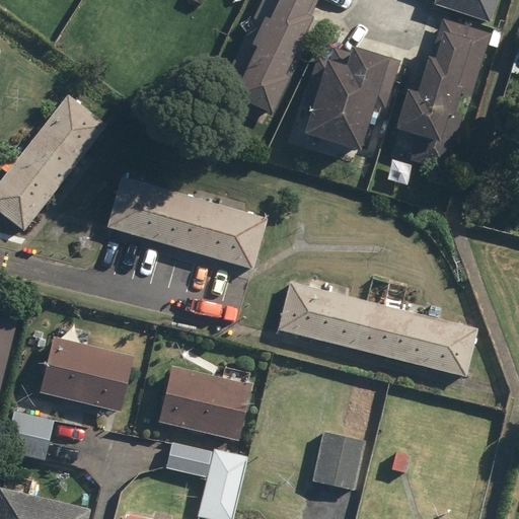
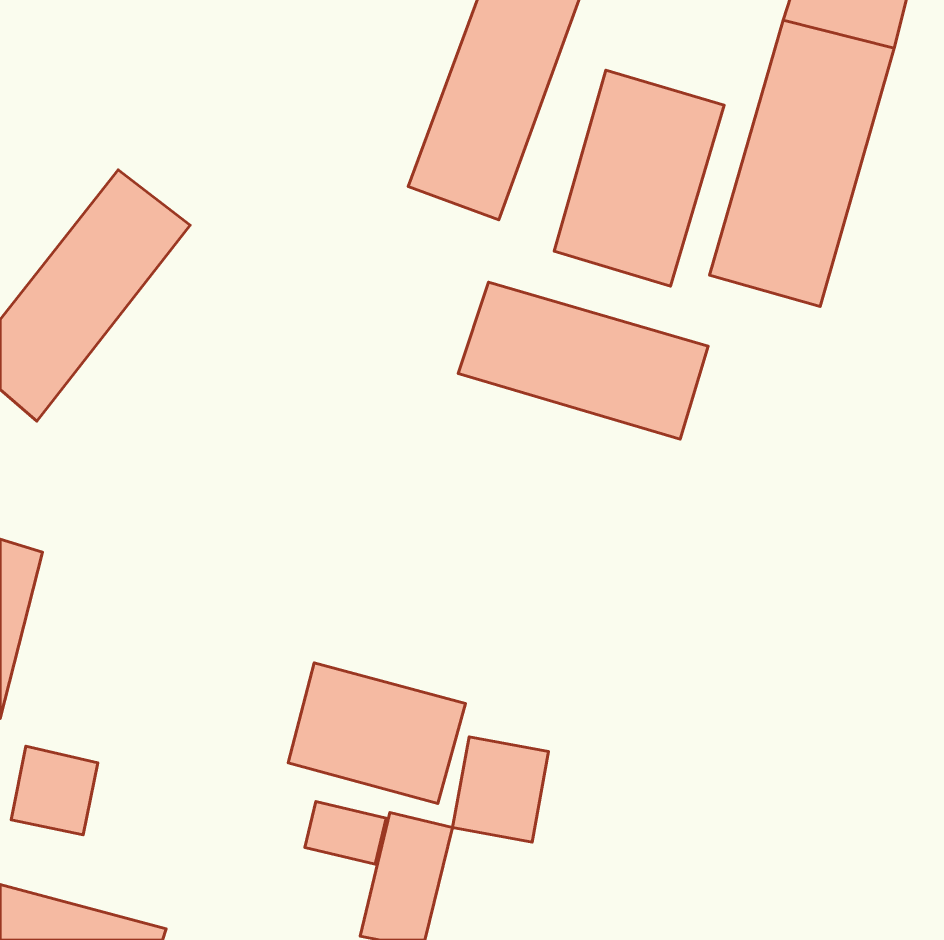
building: none -> [458,282,708,439]
building: [106,178,267,272] -> none
building: [277,278,475,383] -> none
building: [41,335,136,412] -> none
building: [313,434,366,492] -> [453,737,549,842]

